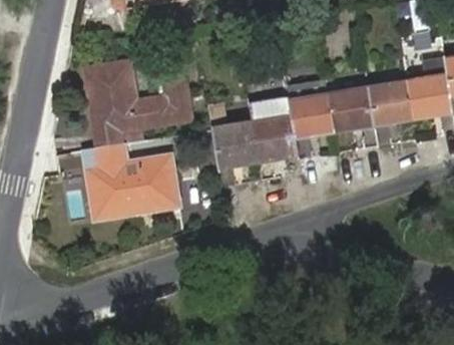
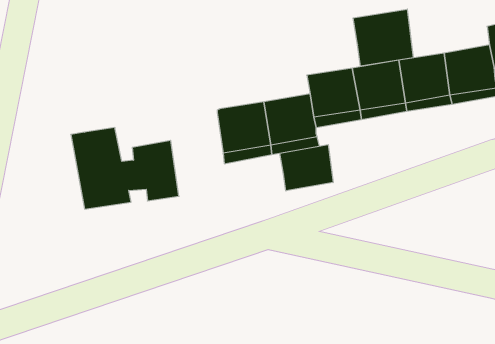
building: none -> [353,9,413,66]
building: [86,57,189,146] -> none
building: none -> [280,145,333,191]

